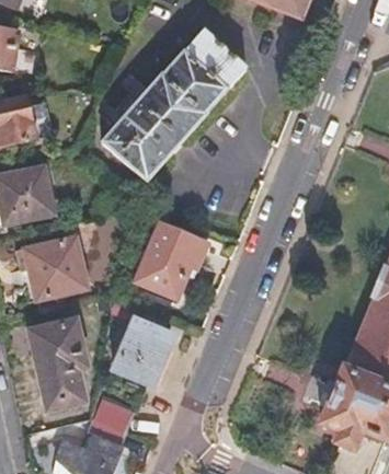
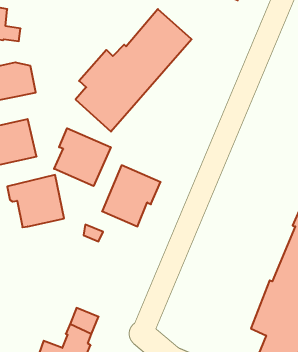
building: none -> [54,128,111,186]
building: [112,317,172,384] -> none
building: [27,319,87,409] -> none

